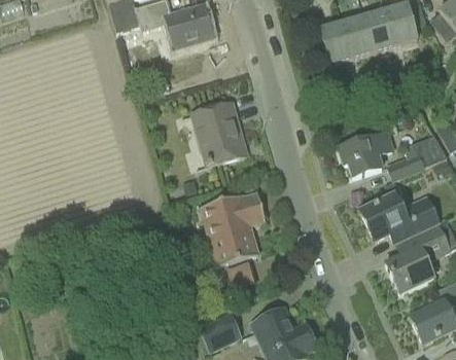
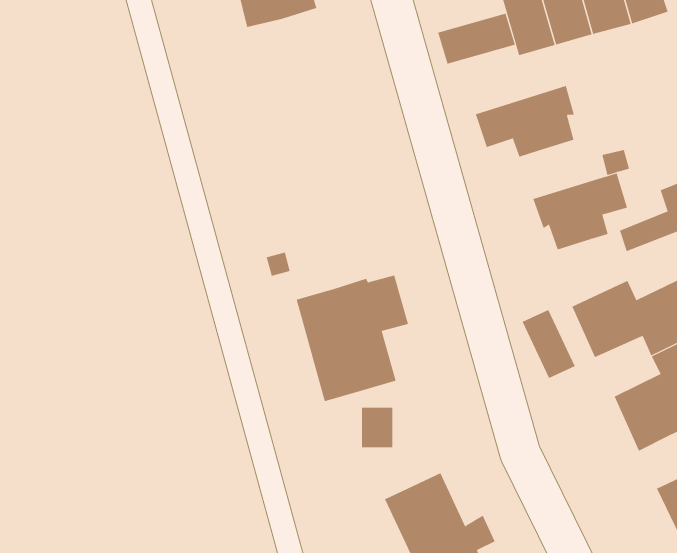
building: none -> [438,13,515,65]
building: none -> [475,85,574,158]
building: [192,102,246,165] -> none
building: none -> [522,309,575,379]
building: [200,312,239,349] -> none

